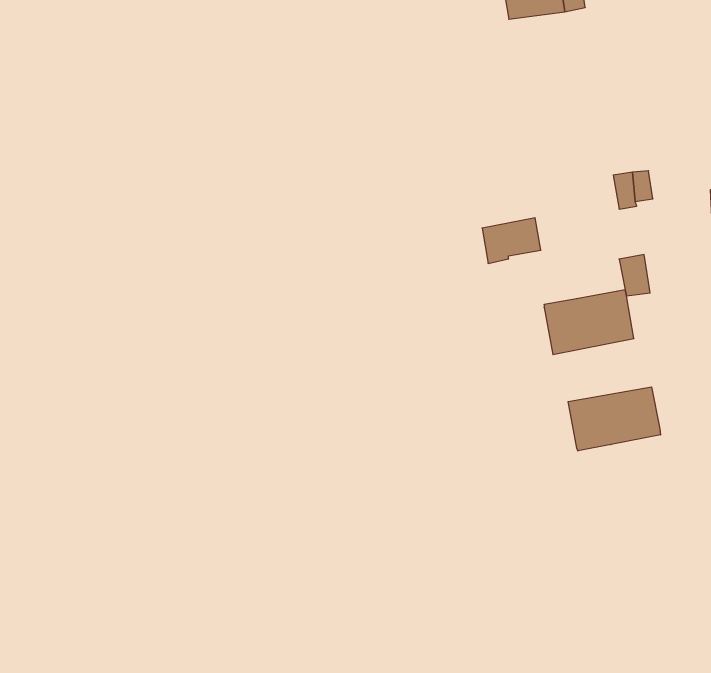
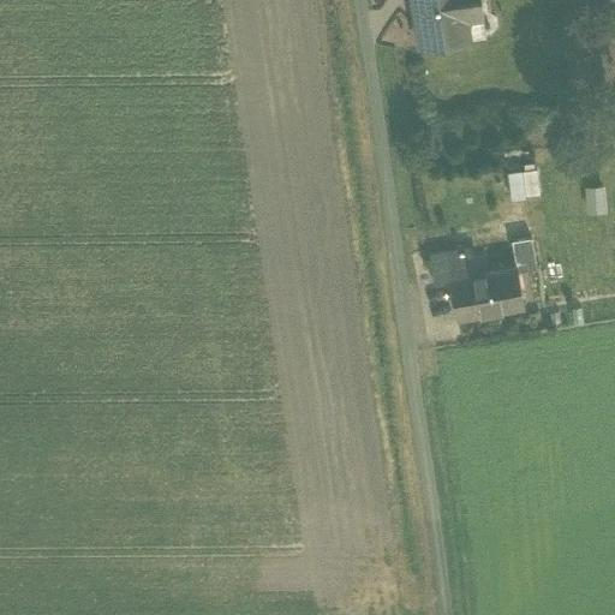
building: [482,218,541,263] -> [428,247,476,285]
building: [568,387,661,451] -> none

